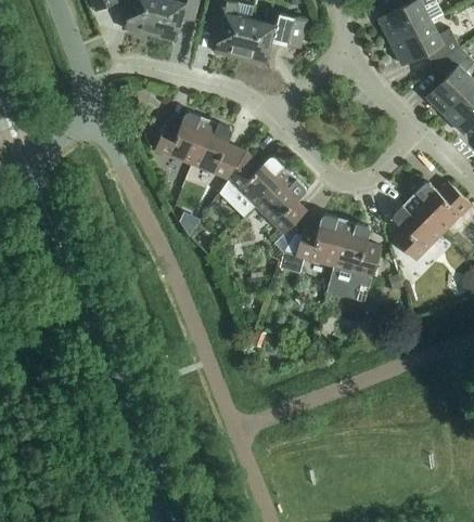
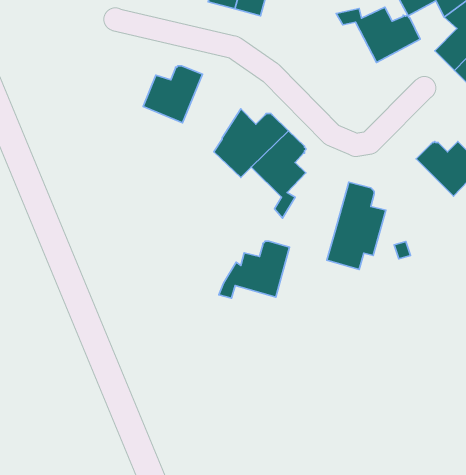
building: none -> [336,7,420,63]
building: [191,119,245,179] -> none
building: [393,198,444,261] -> none
building: [280,214,346,267] -> [219,241,290,298]

